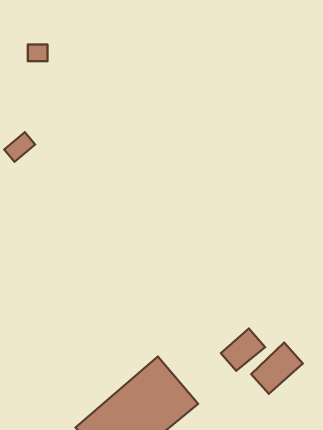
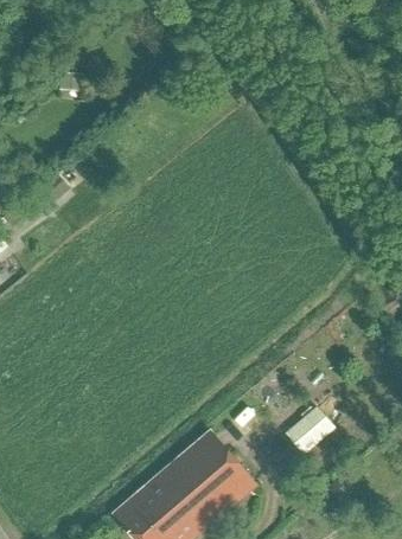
building: [251,343,303,394] -> none

